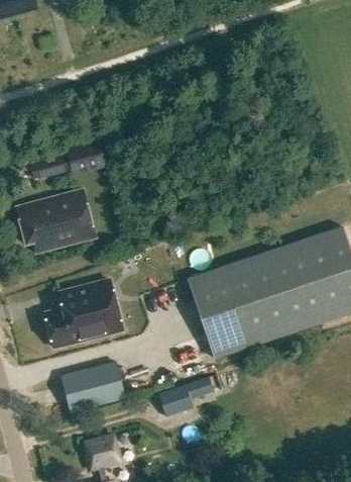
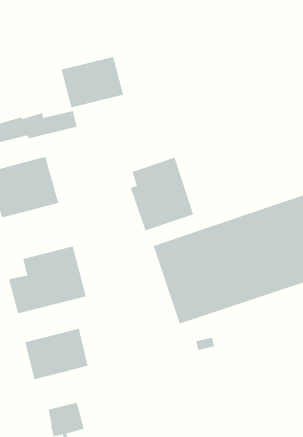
building: none -> [61,56,124,108]
building: none -> [130,157,194,231]
building: [157,373,223,416] -> none

